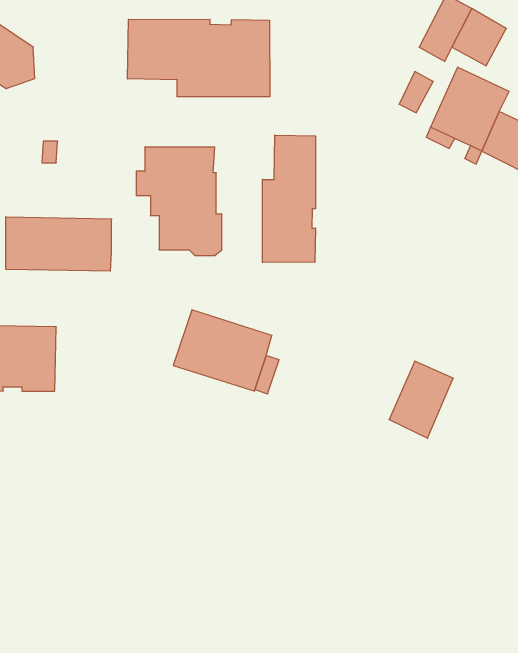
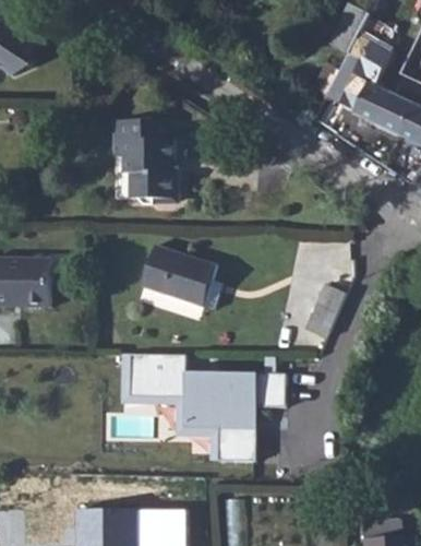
building: [128,19,270,97] -> none
building: [262,135,316,263] -> none
building: [6,217,112,271] -> none
building: none -> [116,353,284,462]

